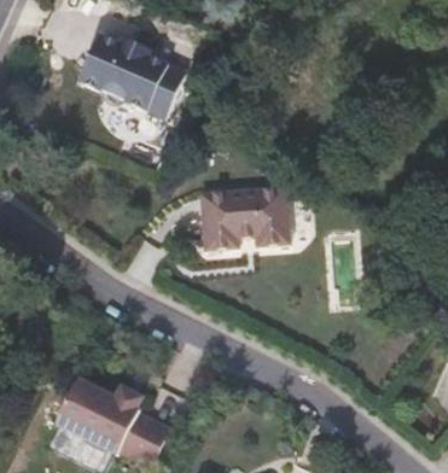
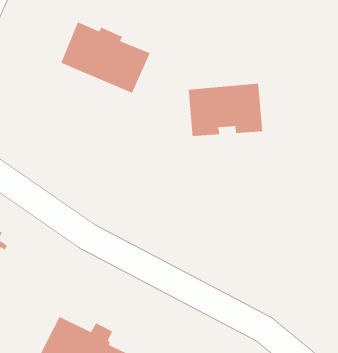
building: [199,186,289,250] -> [188,83,263,137]

